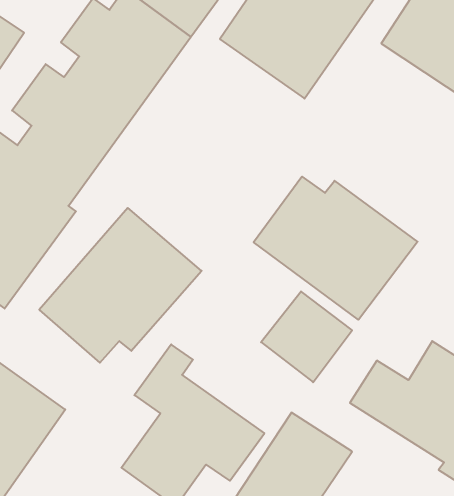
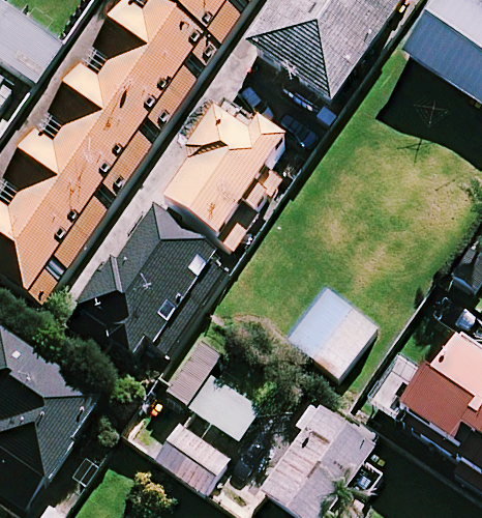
building: none -> [164,97,299,240]
building: [254,177,418,320] -> none

